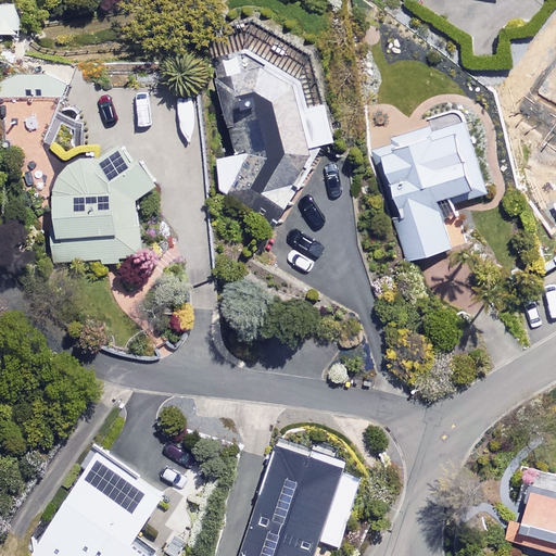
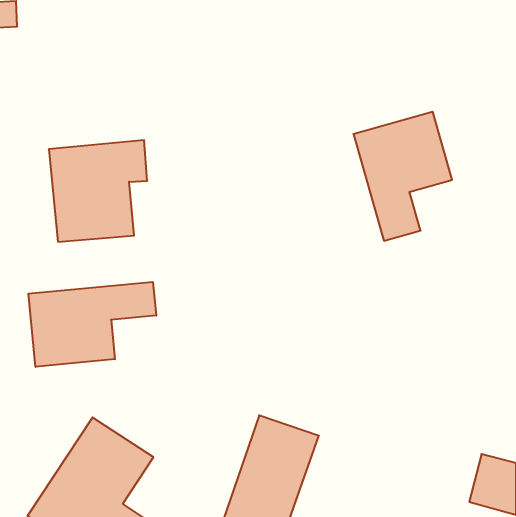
building: [211,47,334,229] -> none
building: none -> [28,282,156,367]

